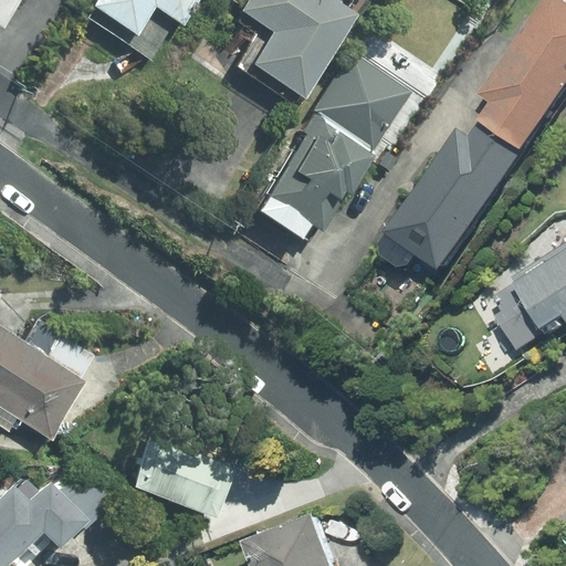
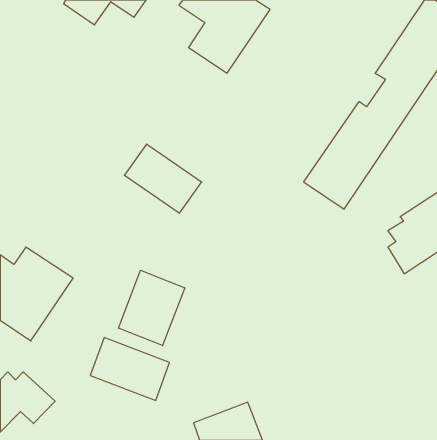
building: [250,50,406,234] -> none
building: none -> [124,144,202,213]
building: none -> [119,270,185,346]

